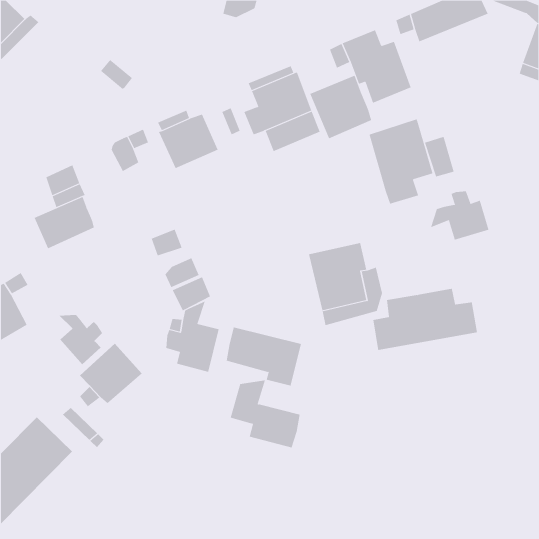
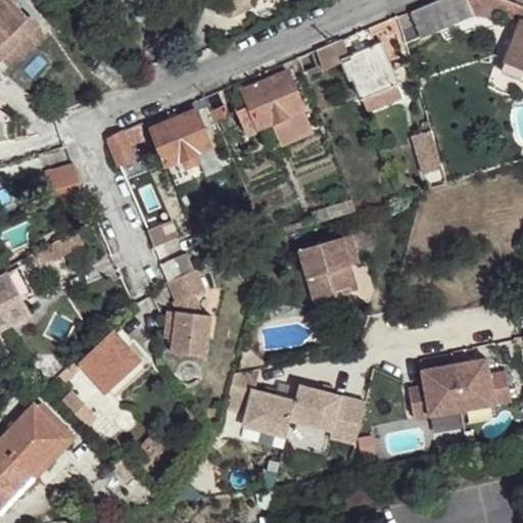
building: [309,75,372,139] -> none
building: [369,118,433,205] -> none
building: [430,190,489,240] -> none
building: [34,196,94,249] -> none
building: [372,288,478,350] -> [409,359,511,419]
building: [58,314,103,365] -> none
building: [226,327,302,386] -> [288,385,362,442]

